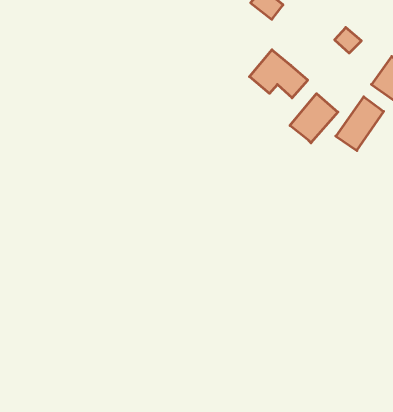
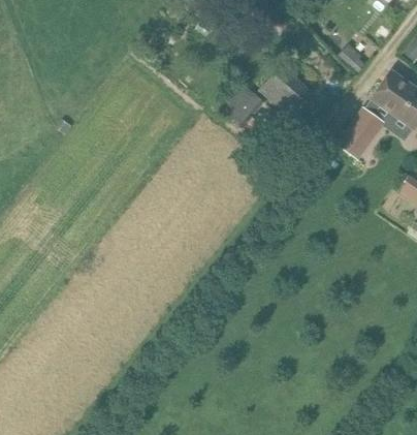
building: none -> [219,83,262,126]
building: [290,94,338,143] -> none

